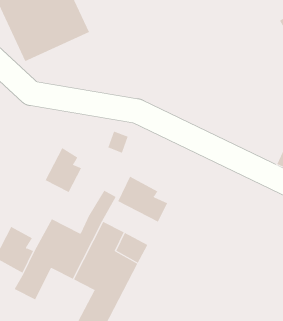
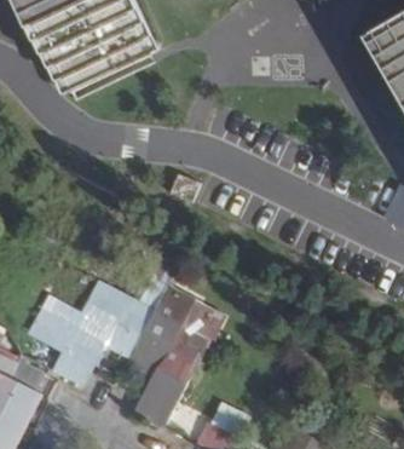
building: [45,147,82,193] -> none
building: [117,176,168,222] -> none

